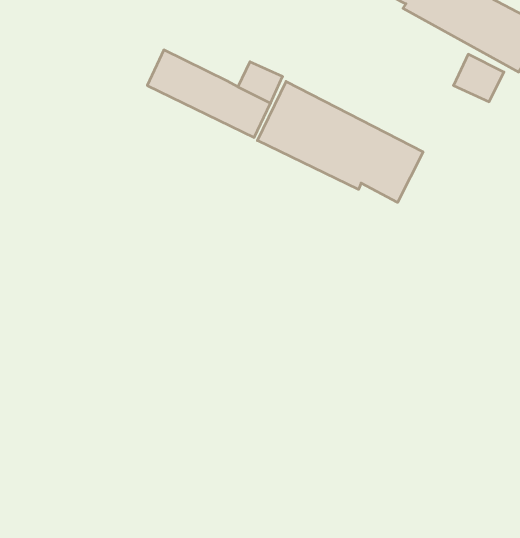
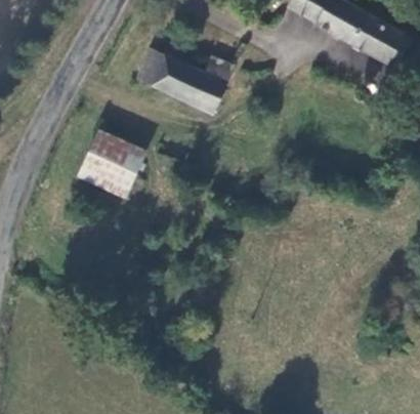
building: [257,81,423,202] -> none
building: none -> [78,130,146,198]

